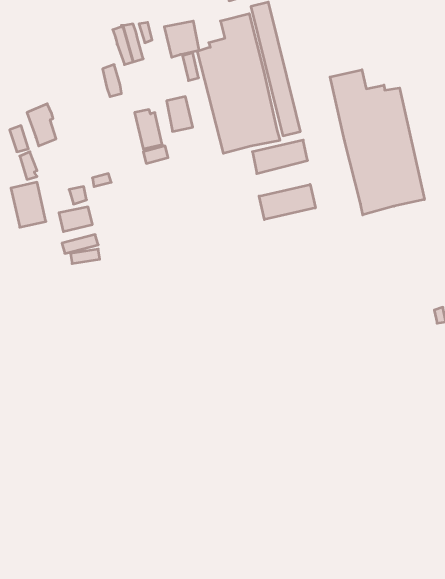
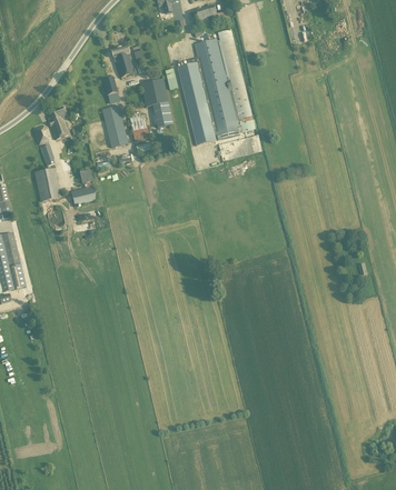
building: [164,21,199,57] -> [140,79,167,107]
building: [330,70,424,215] -> none
building: none -> [101,106,127,147]
building: [259,184,315,220] -> none

